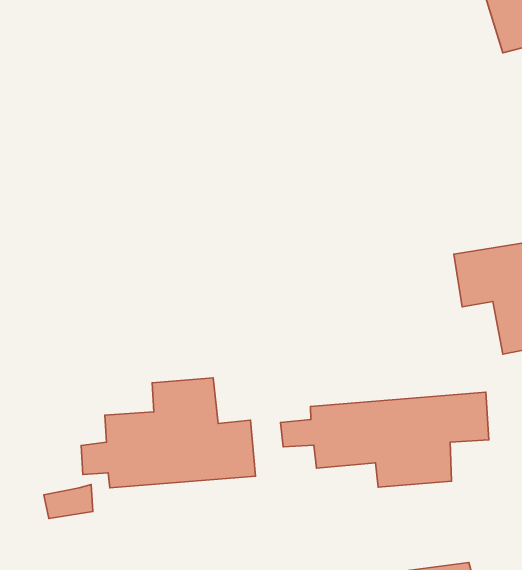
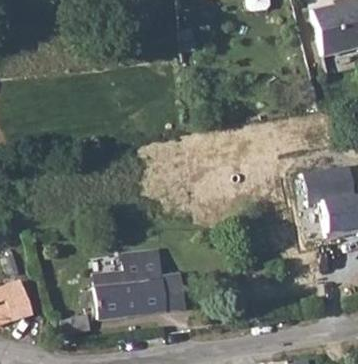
building: [280,392,489,487] -> none

